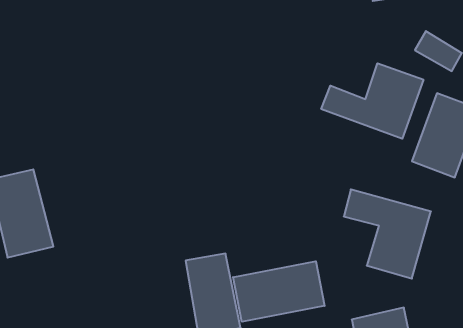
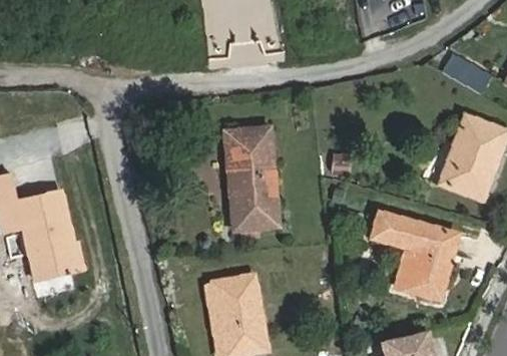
building: [321,63,423,139] -> none
building: none -> [230,126,279,230]
building: [233,261,325,322] -> none

